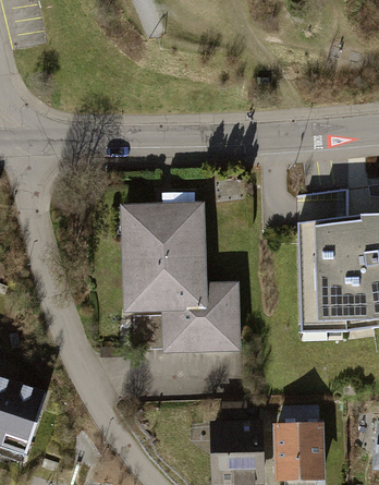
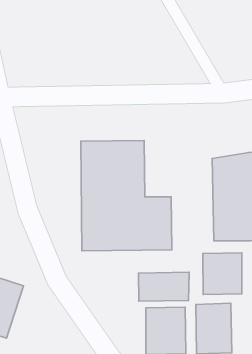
building: none -> [203,253,242,295]
building: none -> [139,272,189,301]

